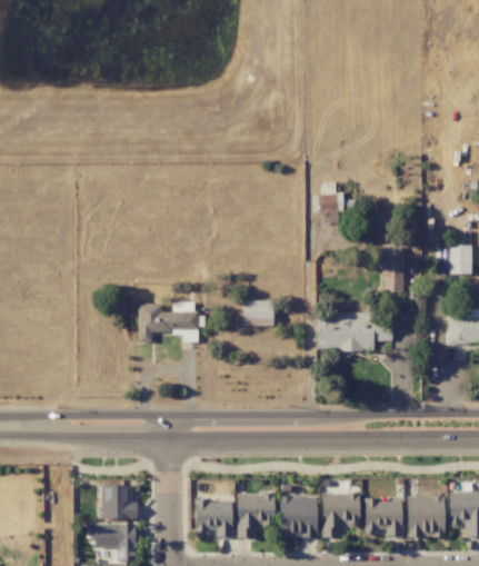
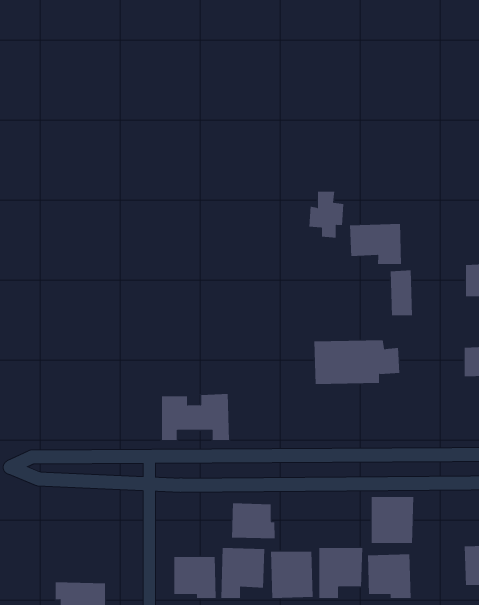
building: none -> [350,223,402,265]
building: [243,300,273,326] -> none
building: [138,301,198,342] -> [161,393,230,440]
building: none -> [232,503,275,539]
building: [101,485,138,519] -> none
building: [407,496,445,537] -> [371,496,414,543]

